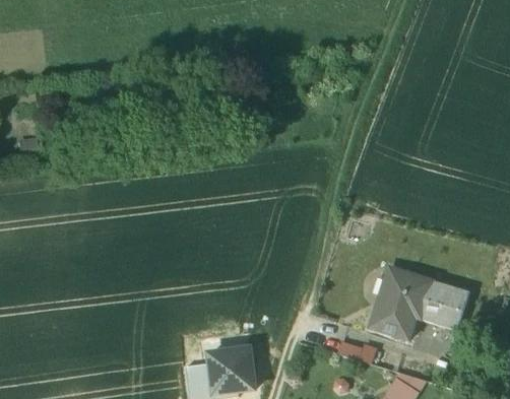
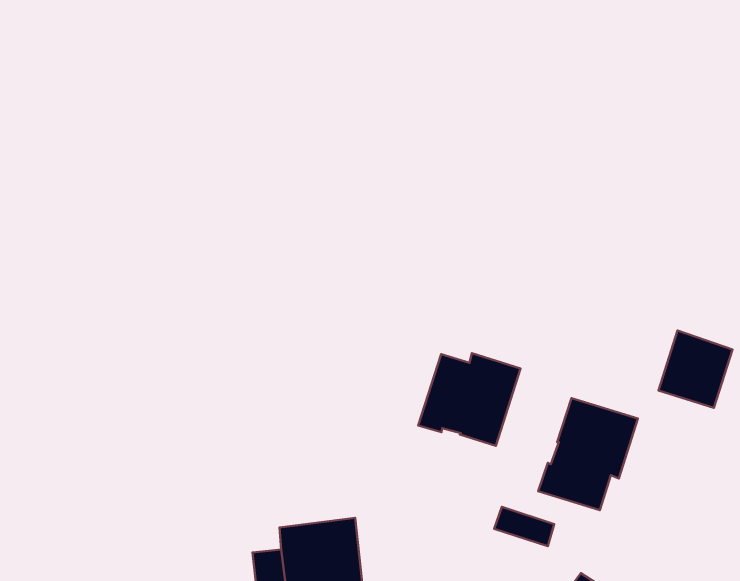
building: none -> [418,353,521,446]
building: [420,280,467,330] -> [658,331,733,408]

